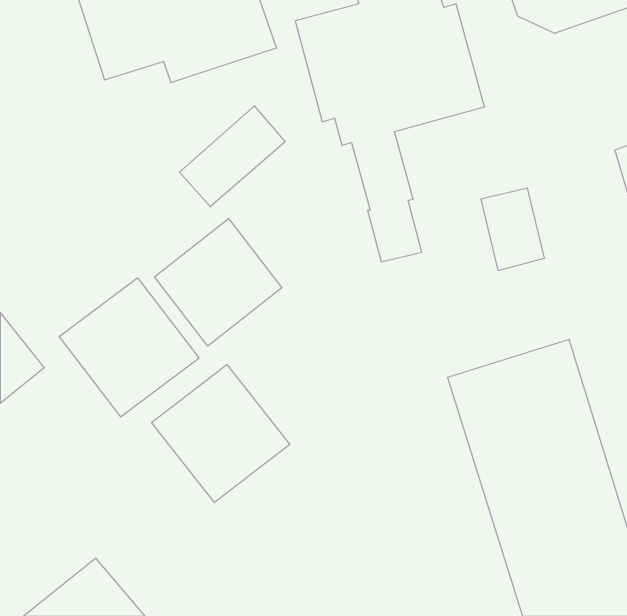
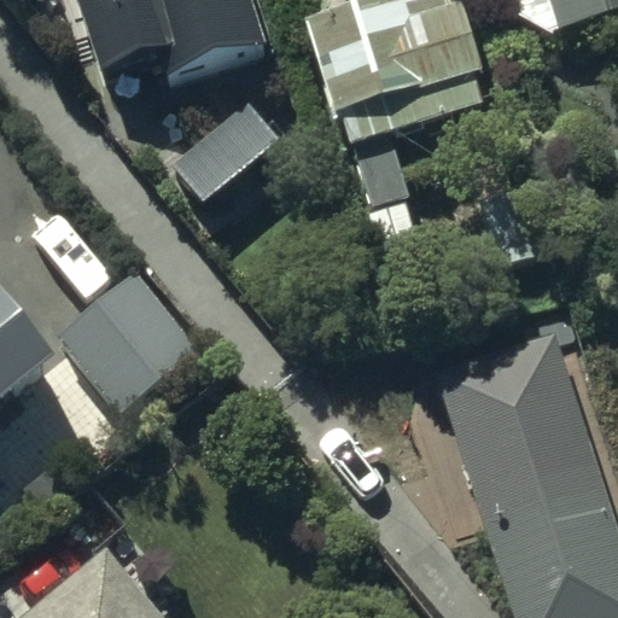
building: [154,218,282,346] -> none
building: [151,365,290,503] -> none

